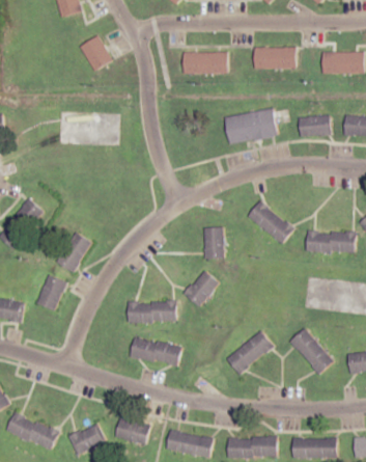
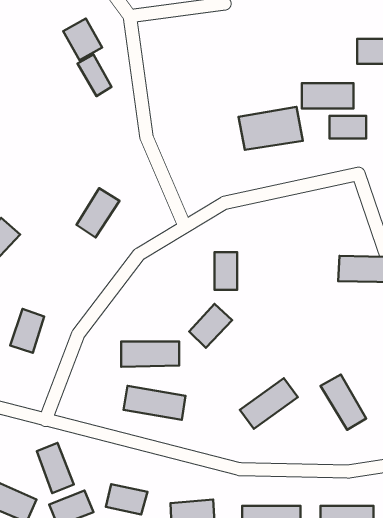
building: [253,47,295,67] -> [302,83,354,108]
building: [184,52,227,73] -> none
building: none -> [78,54,112,96]
building: [248,199,292,244] -> none
building: [56,232,91,272] -> [77,188,120,237]
building: none -> [37,443,74,493]

